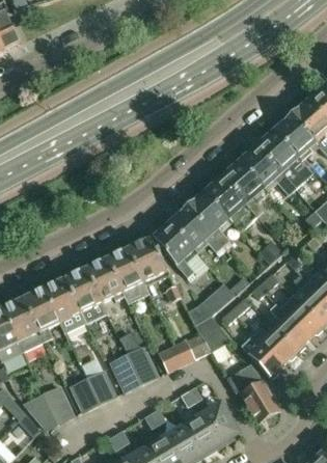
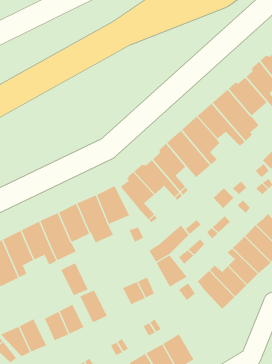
building: [127,346,158,383] -> [60,262,88,296]
building: [227,370,279,421] -> none

